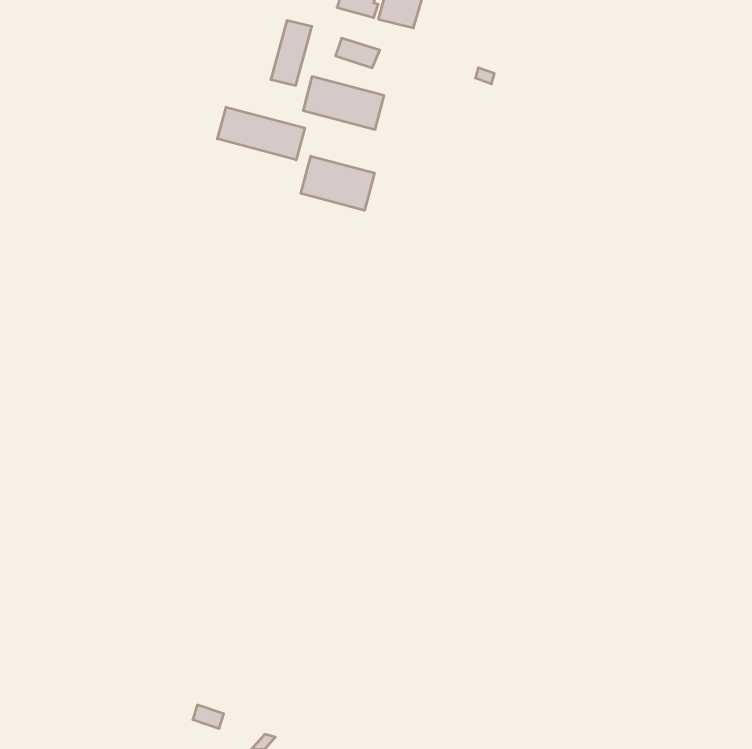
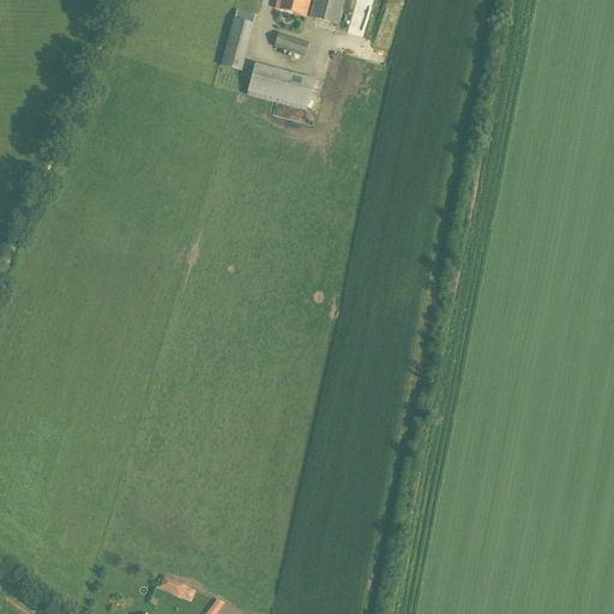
building: [217,107,305,160] -> none
building: [301,156,374,210] -> none

